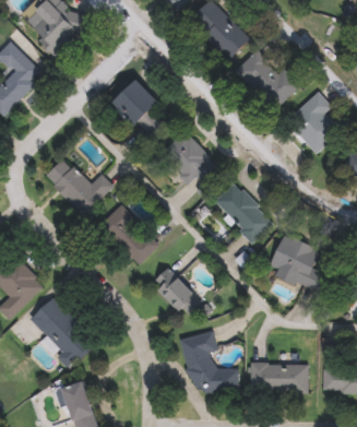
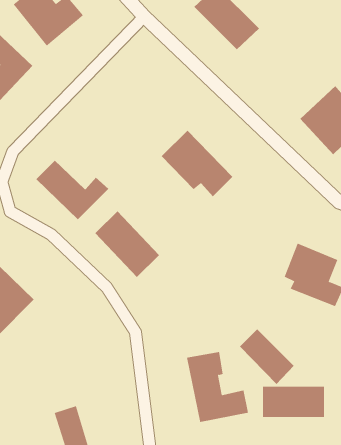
building: [235,46,297,109] -> none
building: [114,79,167,138] -> none
building: [213,181,273,242] -> none
building: [152,268,202,319] -> [239,328,295,385]
building: [31,297,96,369] -> none

